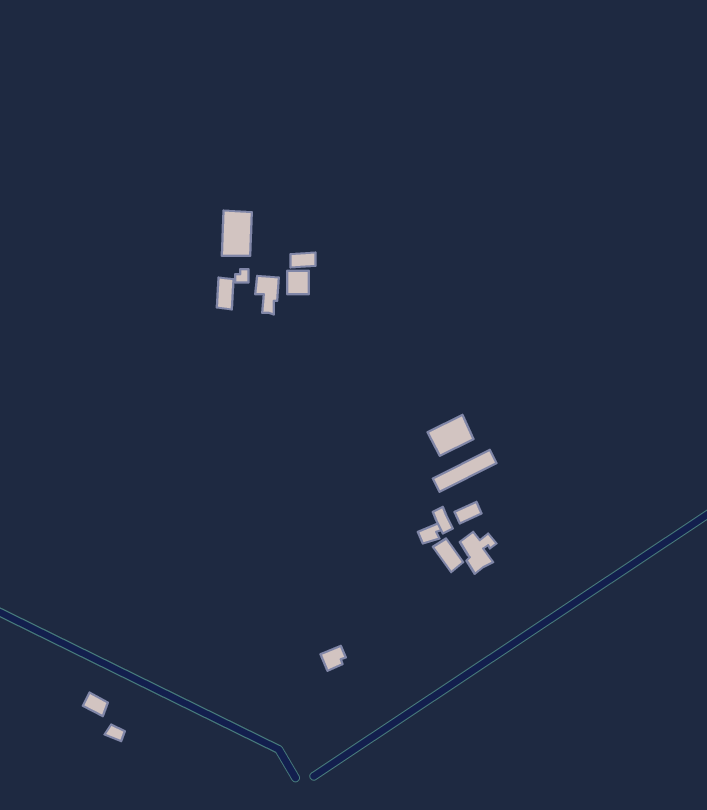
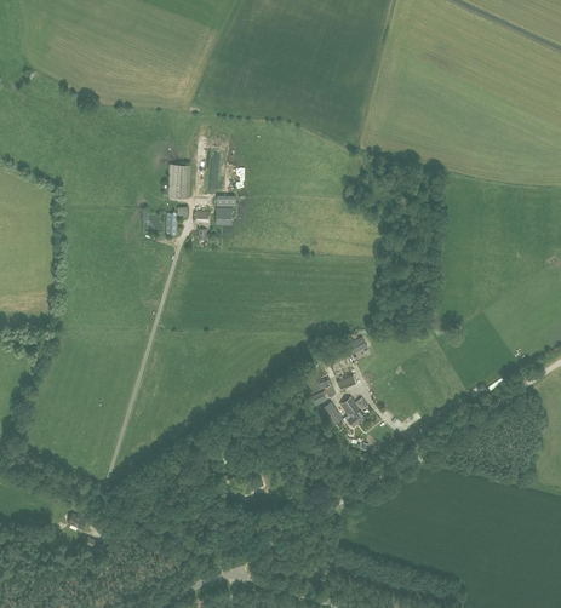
building: [427,415,473,456] -> none

